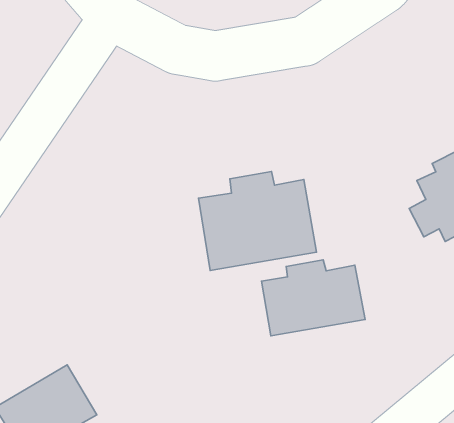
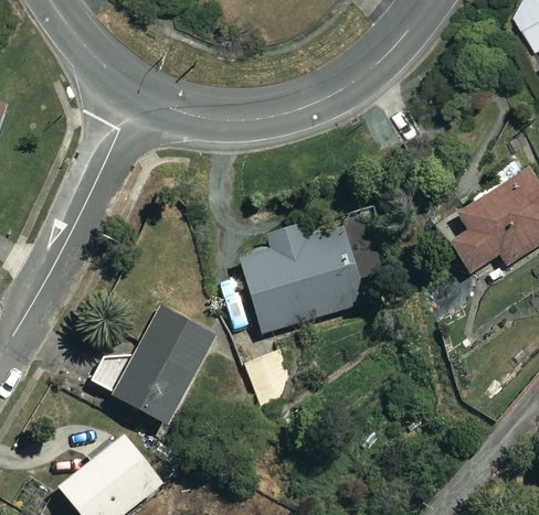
building: none -> [89,308,211,425]
building: [261,260,365,336] -> none

